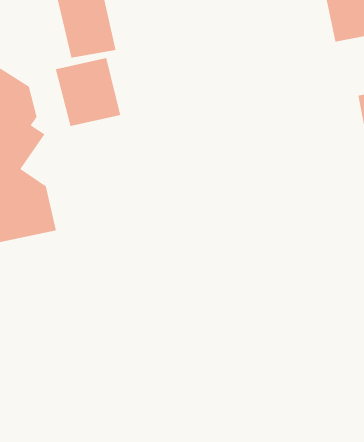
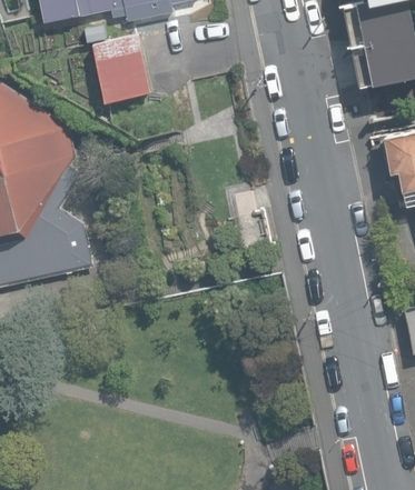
building: [55,57,121,127] -> none

